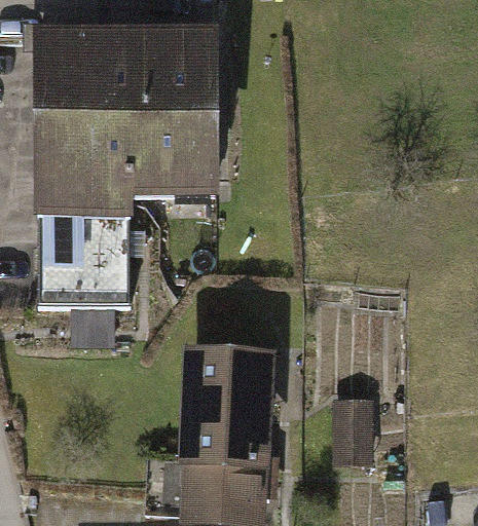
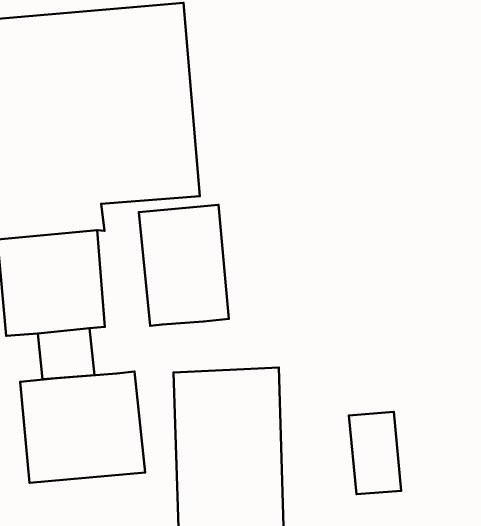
building: none -> [139,205,229,326]
building: none -> [20,372,145,483]

